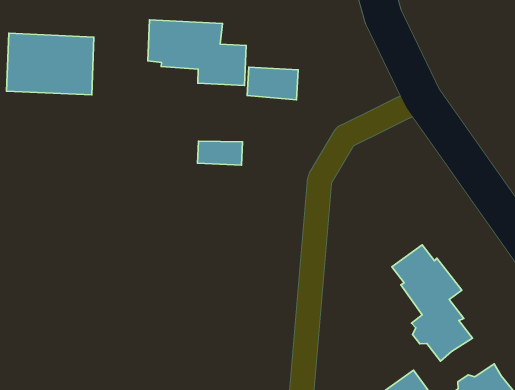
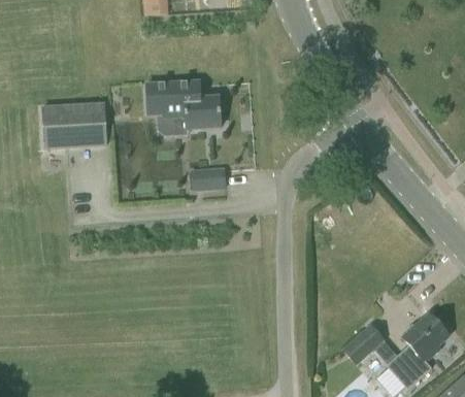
building: [247,67,298,100] -> none
building: [392,245,472,361] -> none

